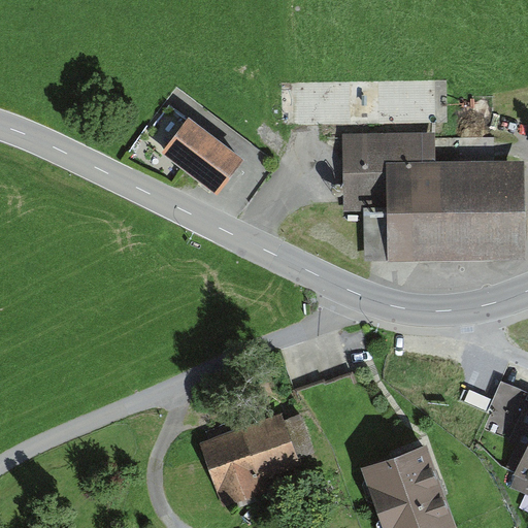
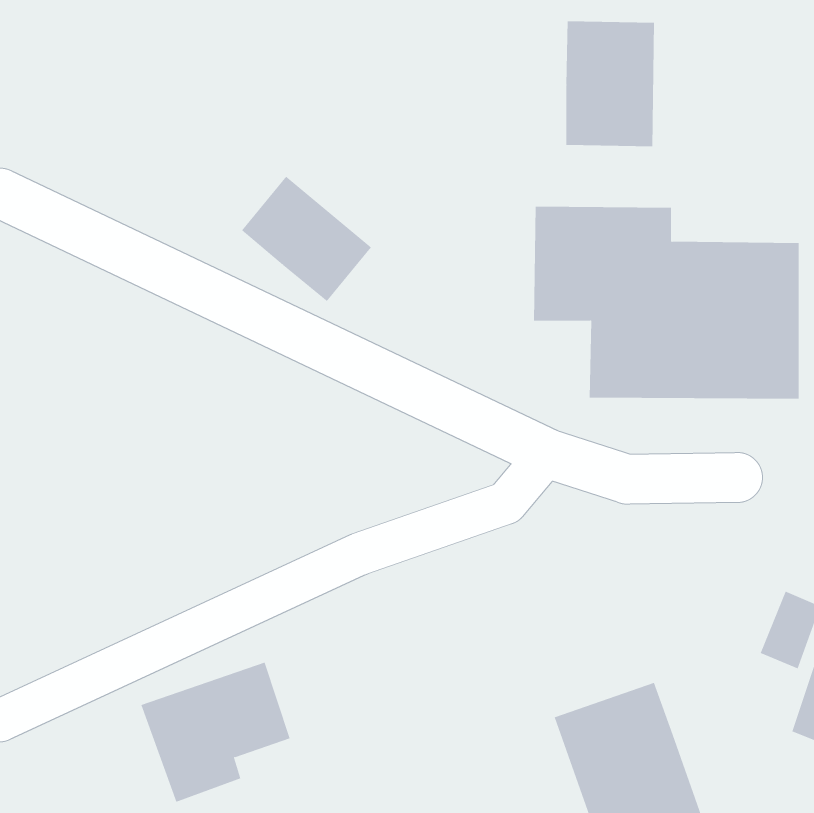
building: none -> [566,21,654,147]
building: [204,412,301,503] -> [141,662,291,802]

